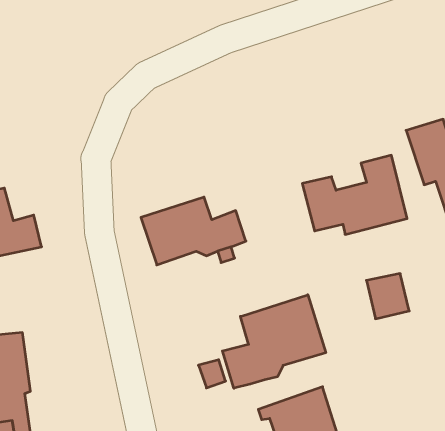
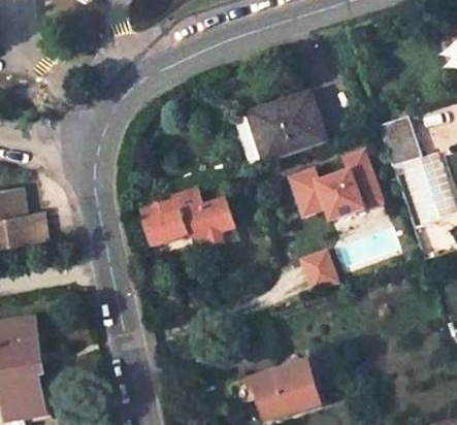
building: none -> [236,92,327,162]
building: [366,274,409,319] -> [300,250,339,291]
building: [222,295,326,388] -> none

